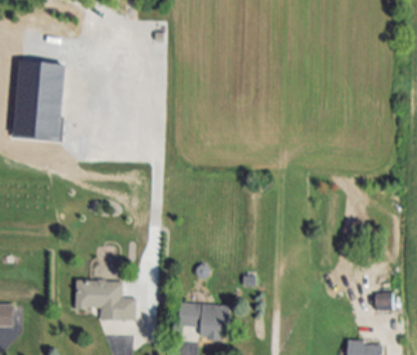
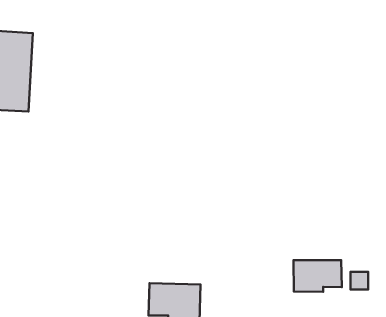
building: [73,280,133,321] -> none
building: none -> [293,260,342,292]

